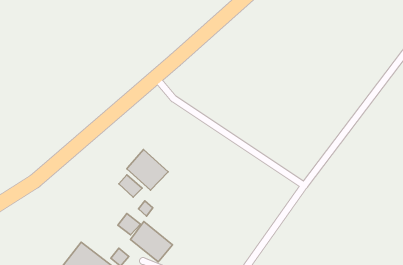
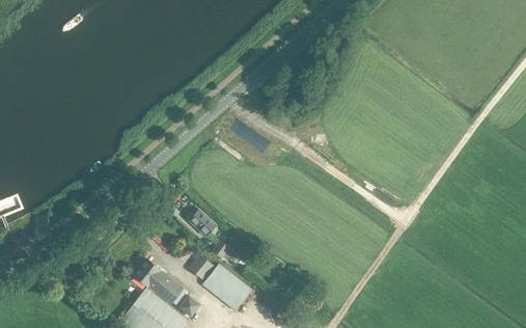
building: [127,150,168,190] -> none
building: none -> [133,258,183,304]

